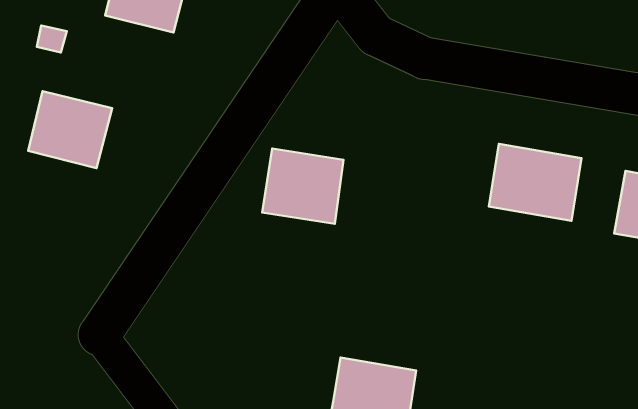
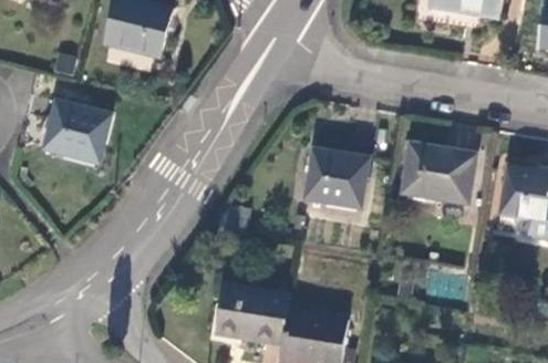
building: [262,148,343,224] -> [304,151,368,209]
building: none -> [216,287,290,345]

